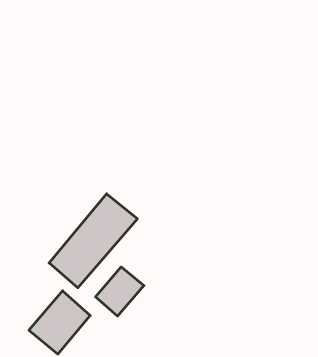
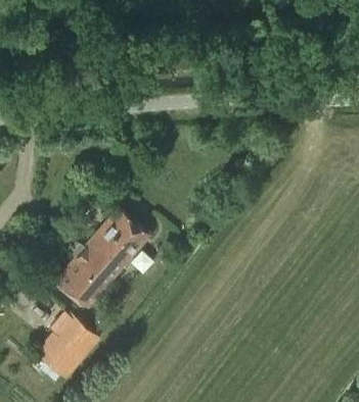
building: [96,267,144,316] -> none

